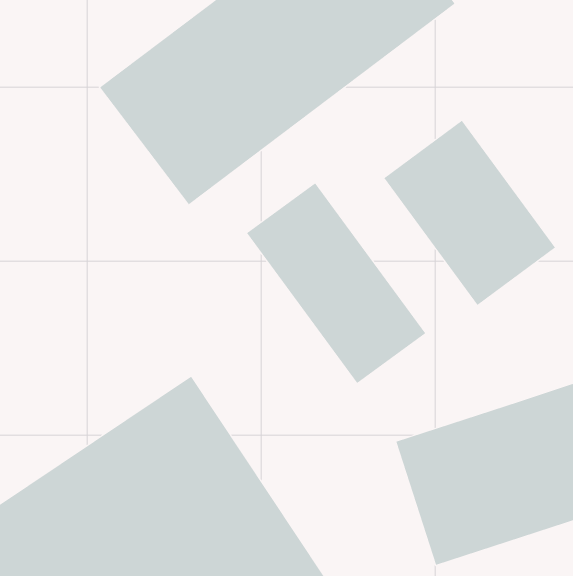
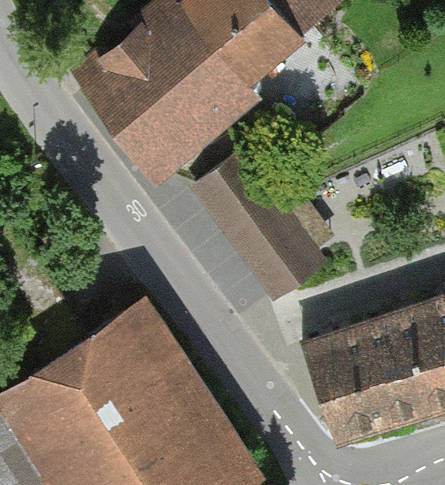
building: [383,120,556,306] -> none

